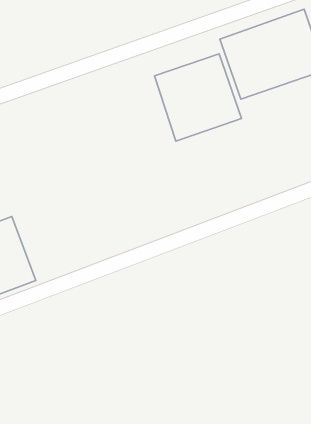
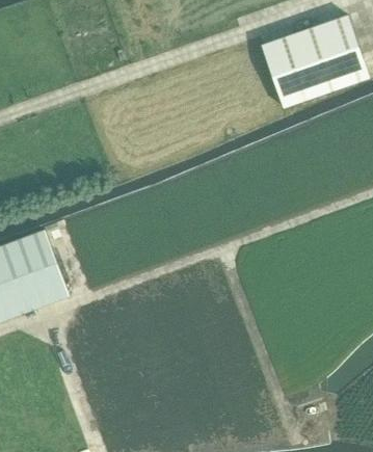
building: [154,54,242,141] -> none

